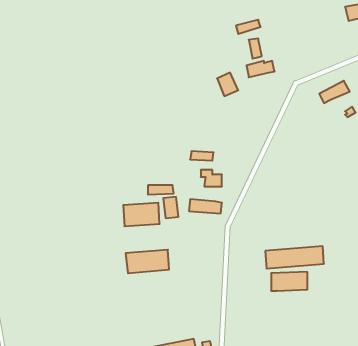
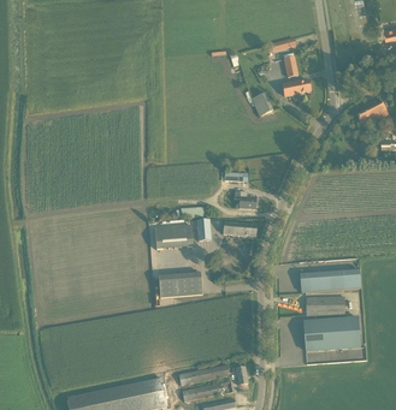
building: none -> [303,317,359,351]

